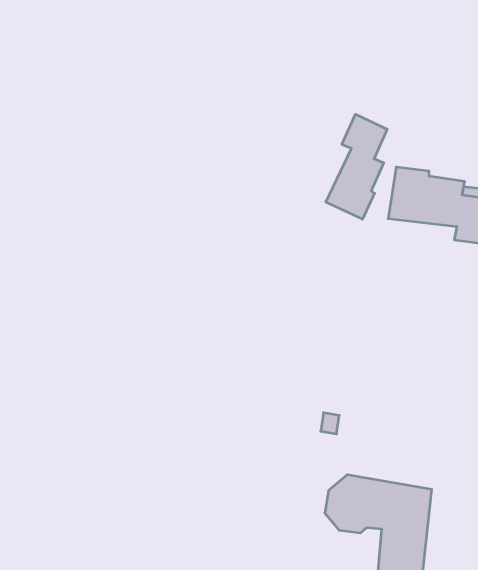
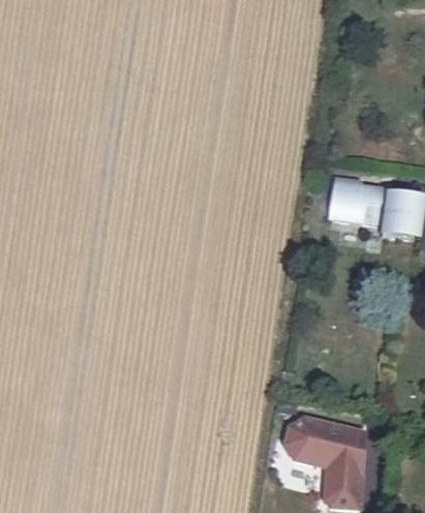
building: [326,114,387,219] -> none

